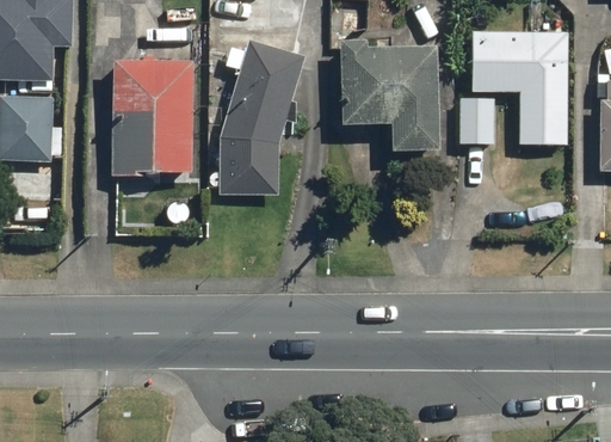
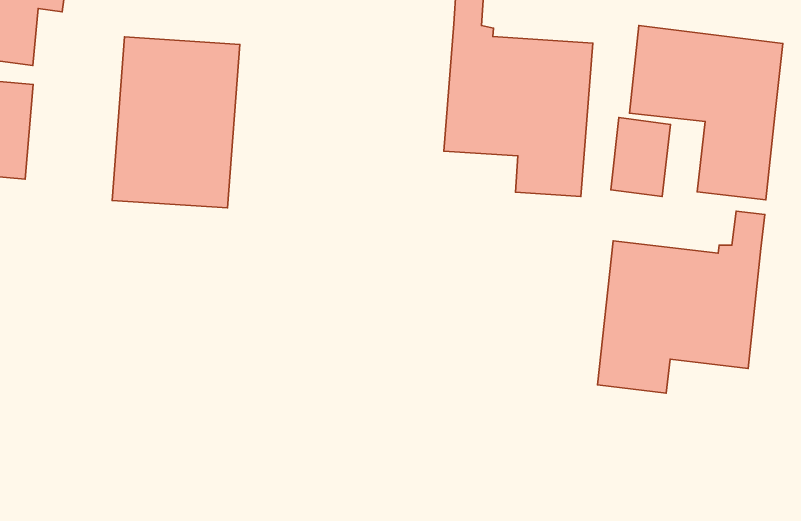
building: [217,38,307,196] -> none
building: none -> [597,211,765,393]

